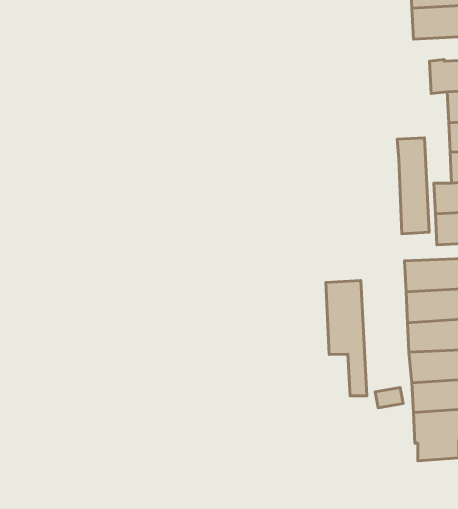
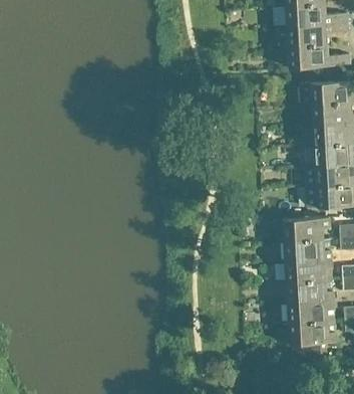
building: [397,138,429,234] -> none
building: [326,281,367,396] -> none

